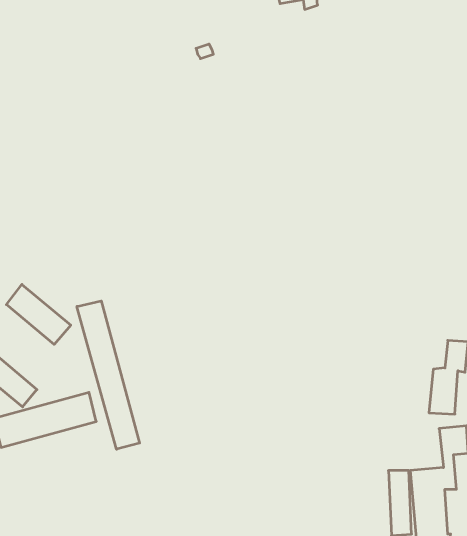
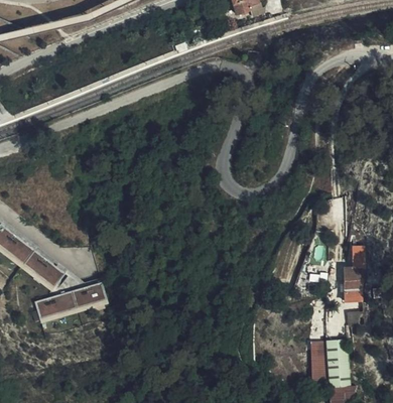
building: [6,284,71,344] -> none
building: [77,301,140,449] -> none

